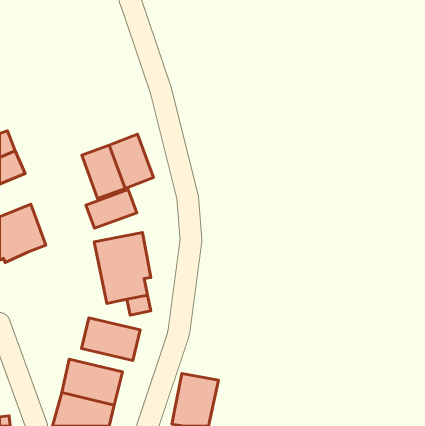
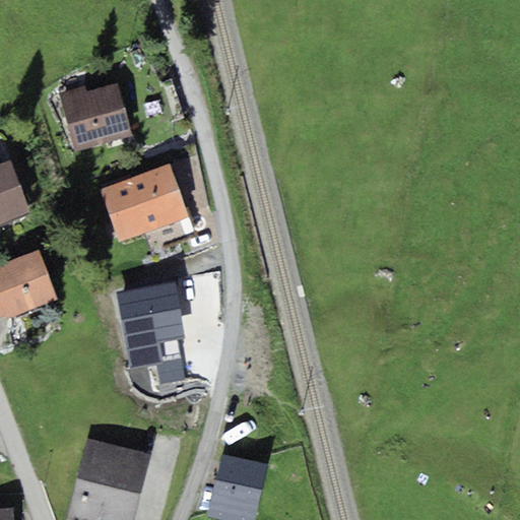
building: none -> [58,83,131,151]
building: [86,190,137,228] -> none
building: [82,318,140,361] -> none

